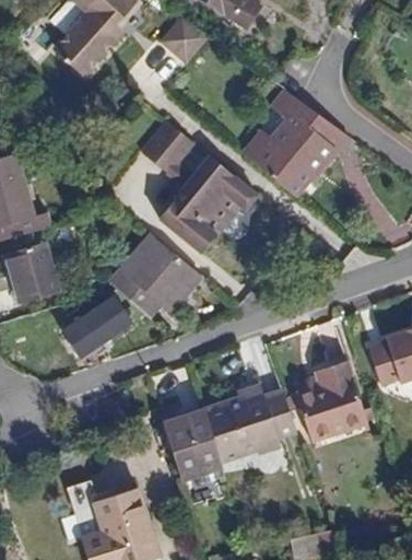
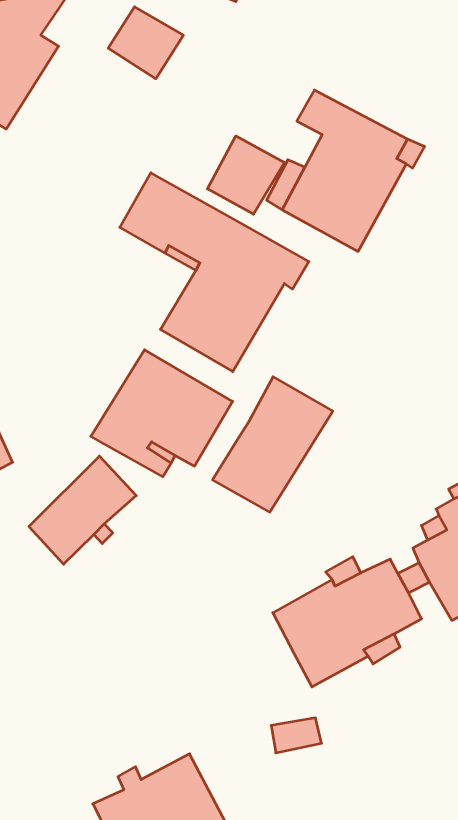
building: none -> [207,136,284,214]
building: none -> [213,377,333,512]
building: [163,410,221,477] -> none

